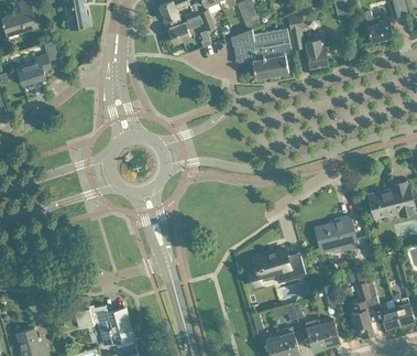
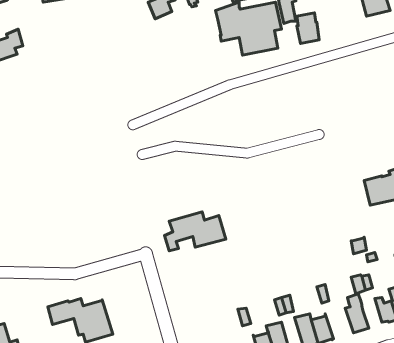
building: [316,217,358,253] -> none
building: [249,250,306,287] -> [164,212,226,251]

